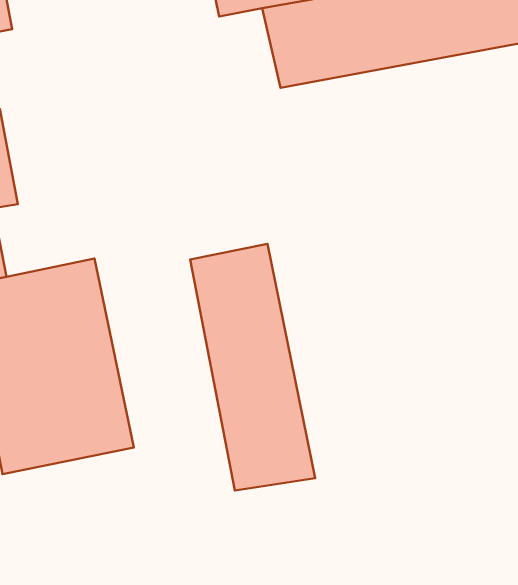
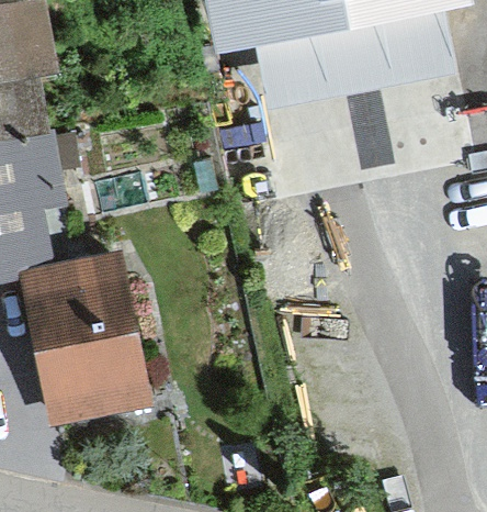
building: [190,244,315,491] -> none

